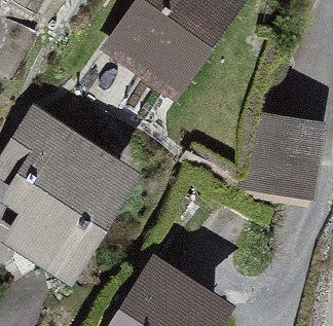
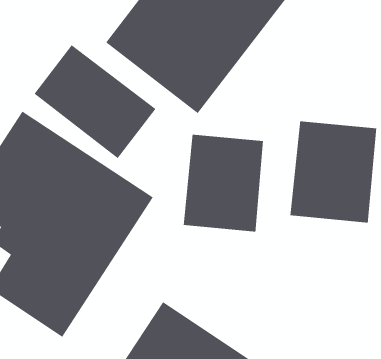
building: none -> [33,44,156,159]
building: none -> [183,134,264,232]

